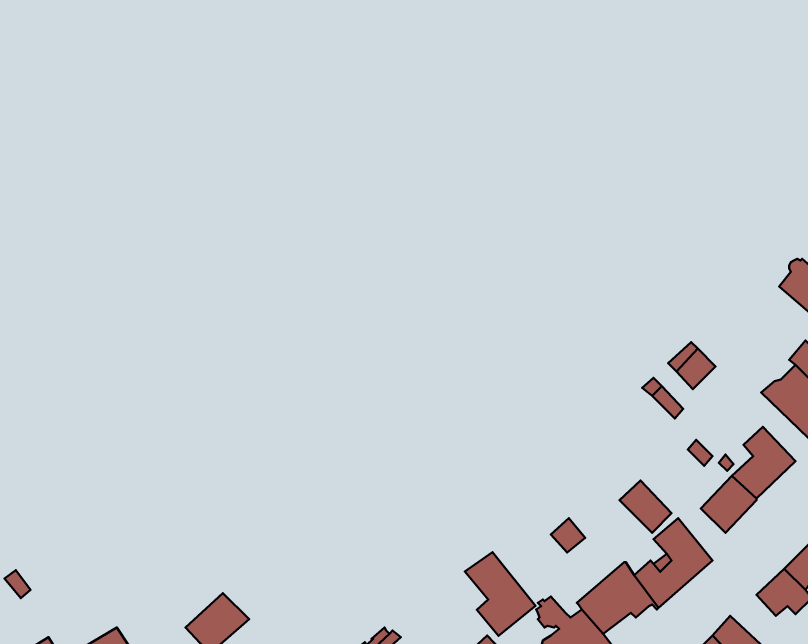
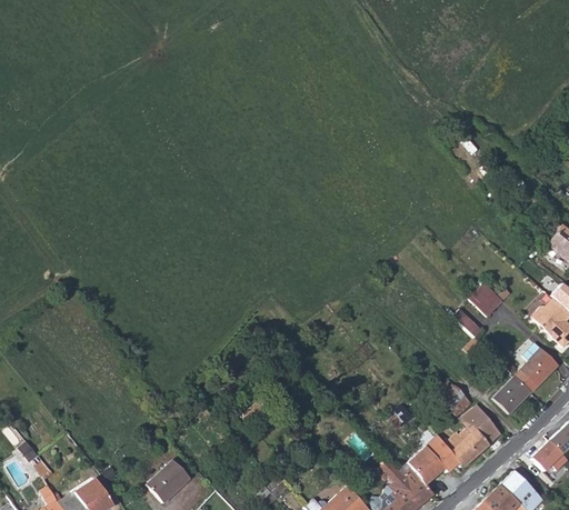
building: [465,552,535,636] -> none

